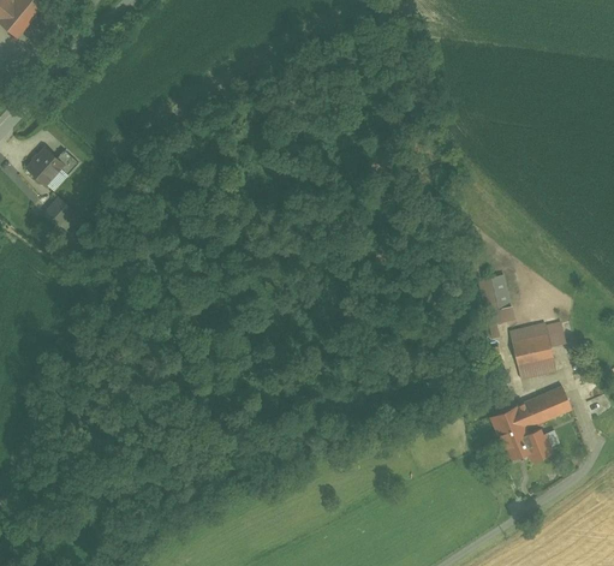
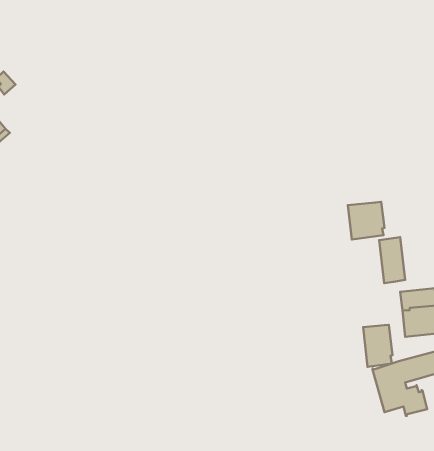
building: none -> [348,202,385,239]
building: none -> [363,325,393,367]

